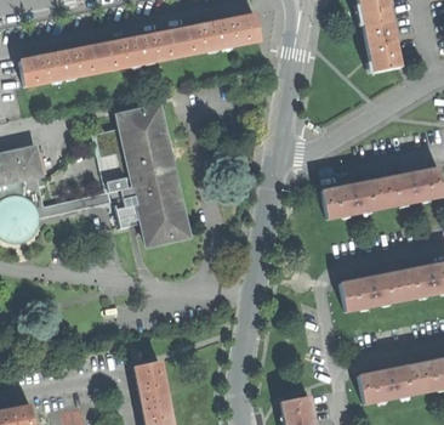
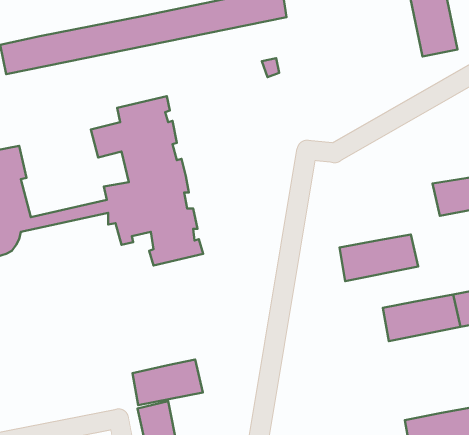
building: [321,177,387,216] -> [339,234,418,281]
building: none -> [133,359,203,405]

